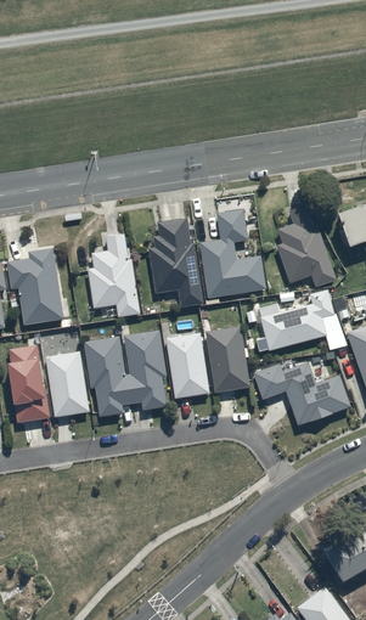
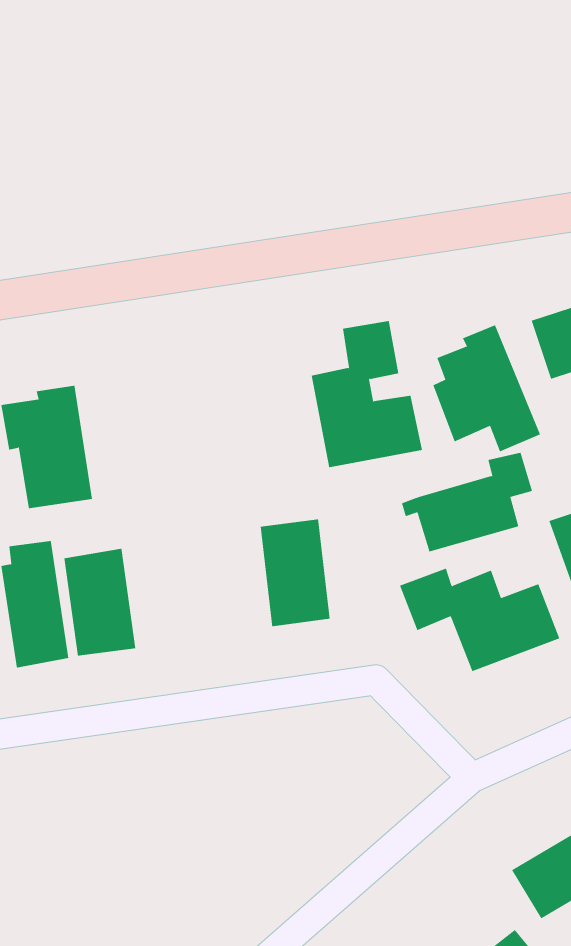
building: [147,218,203,308] -> none
building: [86,233,139,317] -> none
building: [202,327,249,394] -> none
building: [83,331,168,417] -> none

